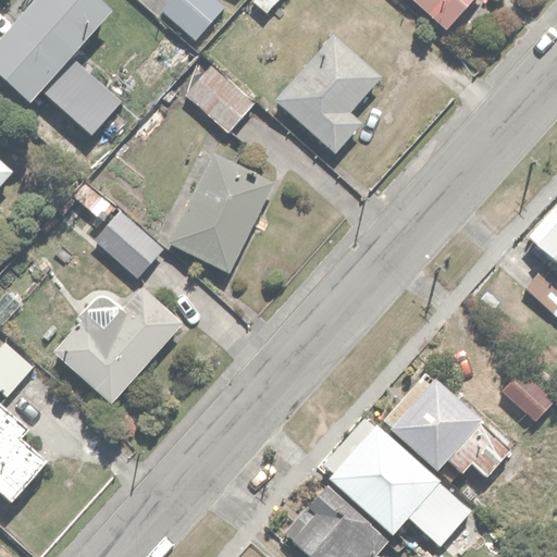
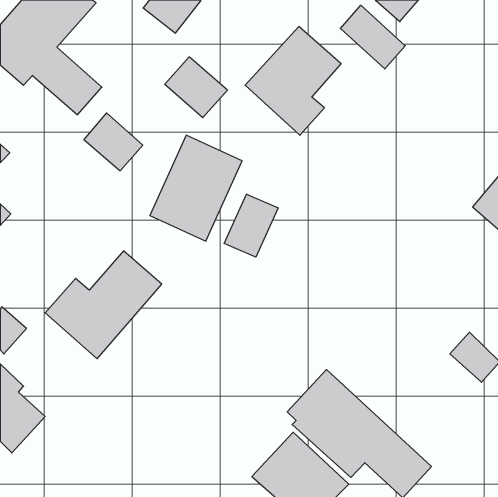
building: none -> [340,5,405,69]
building: [97,213,162,277] -> [84,113,143,171]
building: none -> [224,194,278,257]
building: [383,369,507,478] -> none

